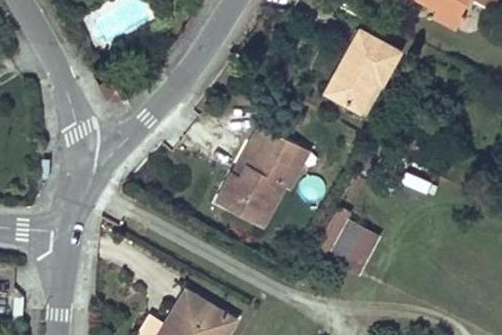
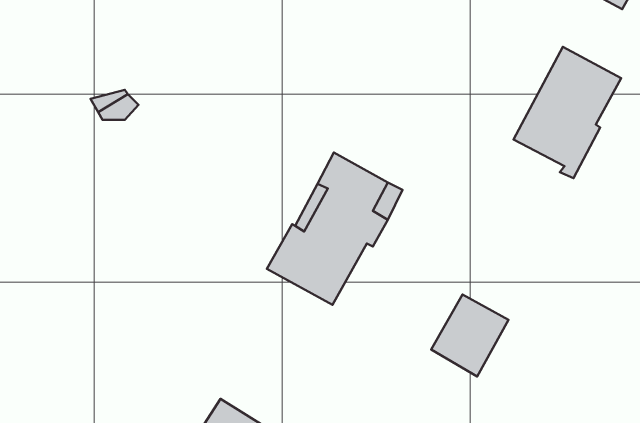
building: [326,29,398,117] -> [514,47,621,178]

